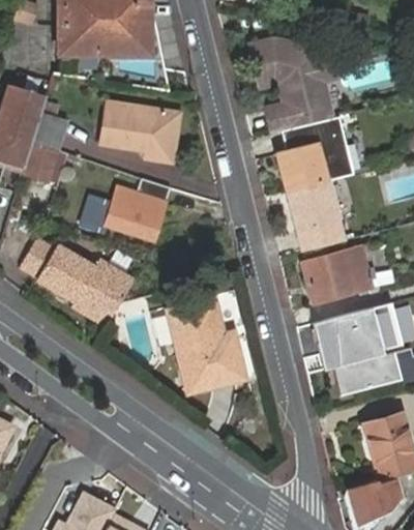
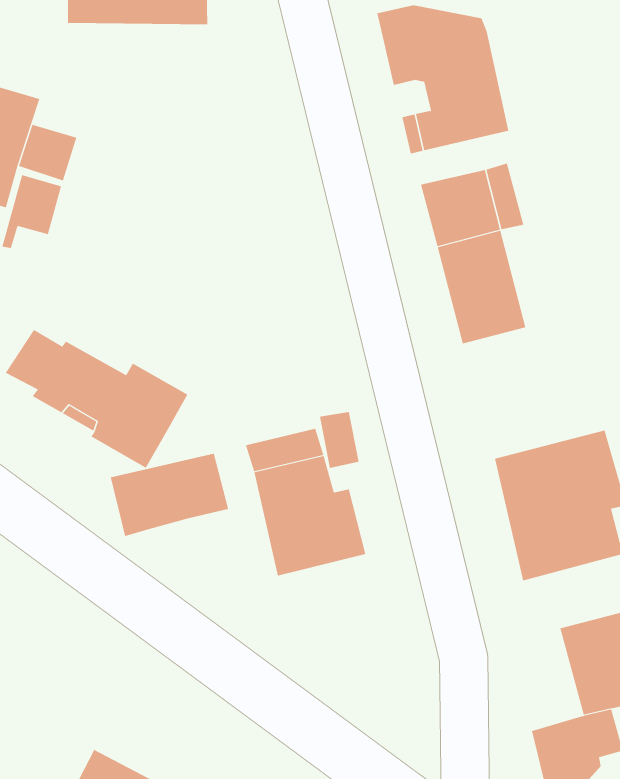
building: [99,104,176,165] -> none
building: [85,177,172,240] -> none
building: [305,244,372,301] -> none
building: none -> [110,453,229,537]

